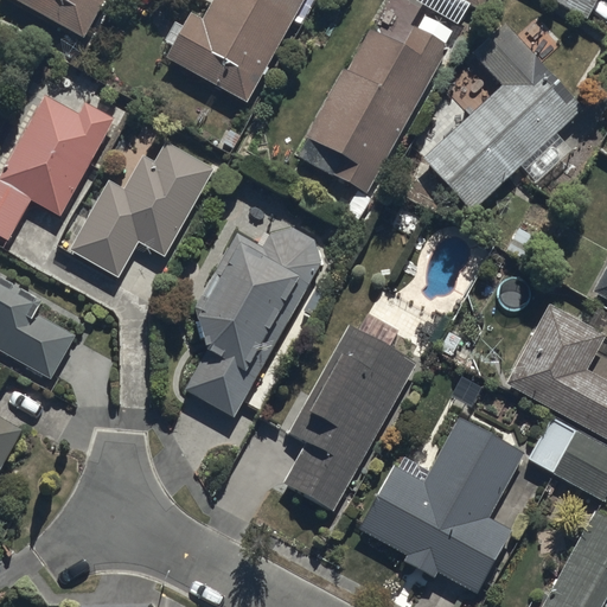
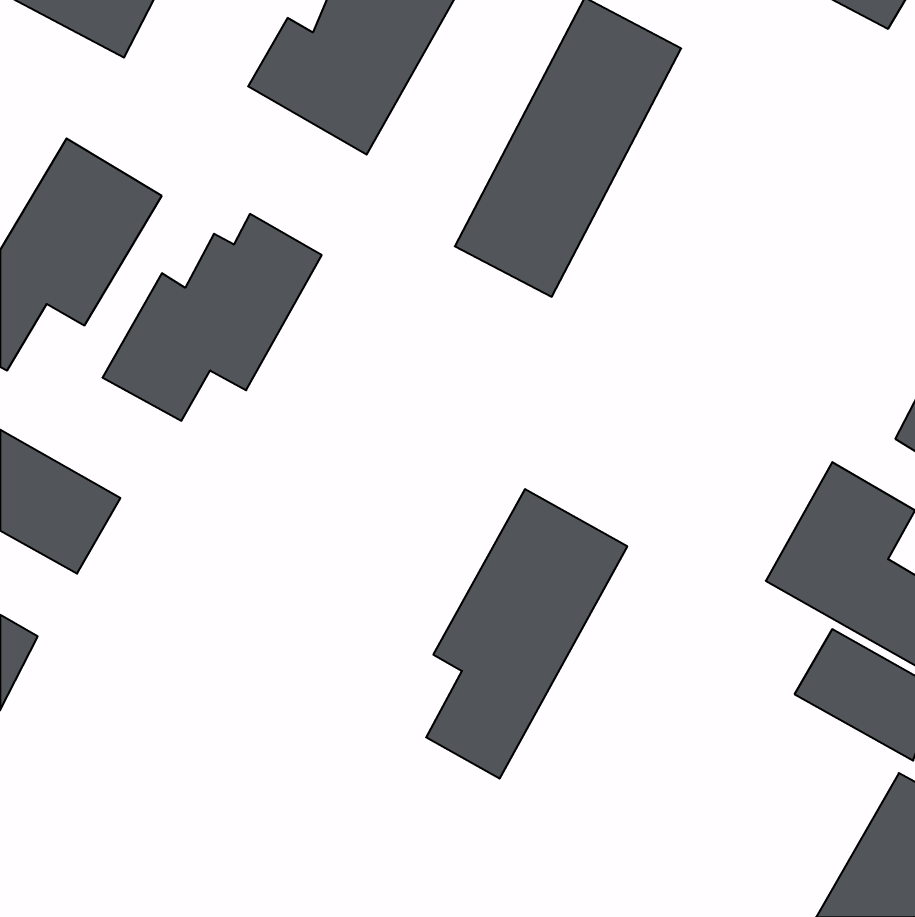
building: [418,20,586,213] -> none
building: [184,228,321,417] -> none
building: [357,417,525,596] -> none

